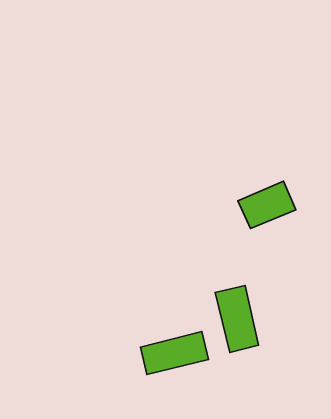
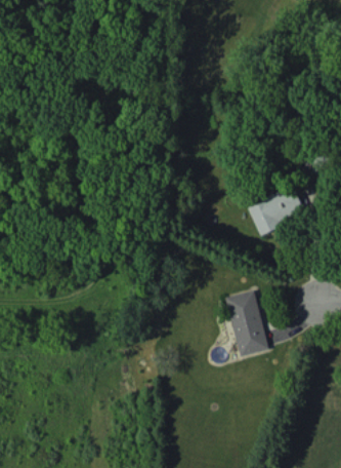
building: [141,332,209,375] -> none

